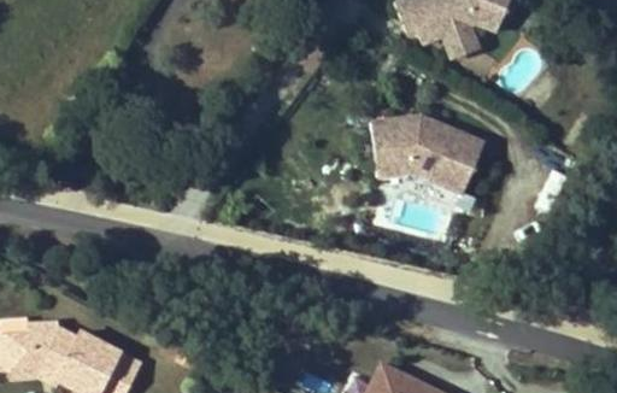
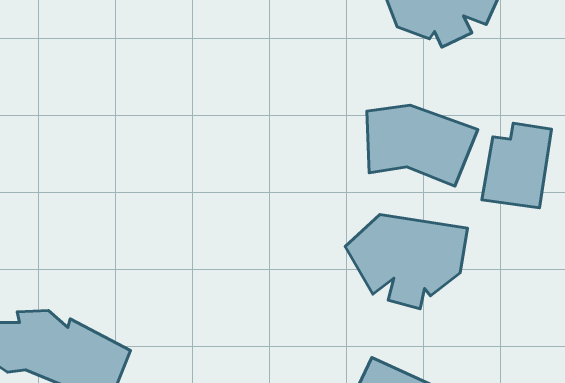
building: none -> [482,123,552,208]
building: none -> [345,215,467,309]

